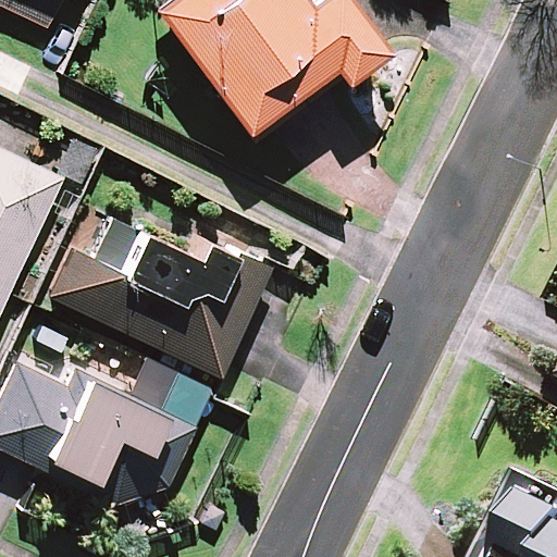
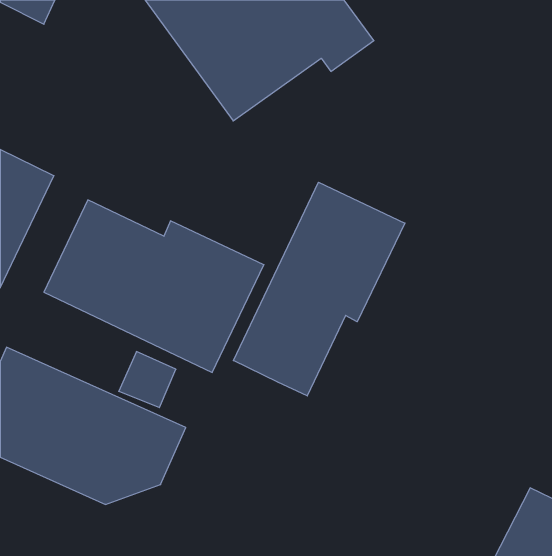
building: none -> [233,182,405,396]

